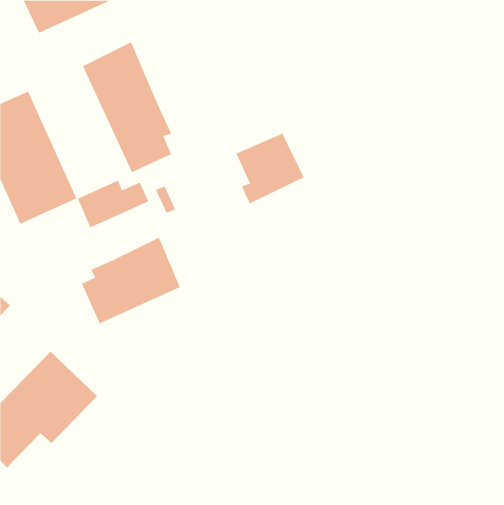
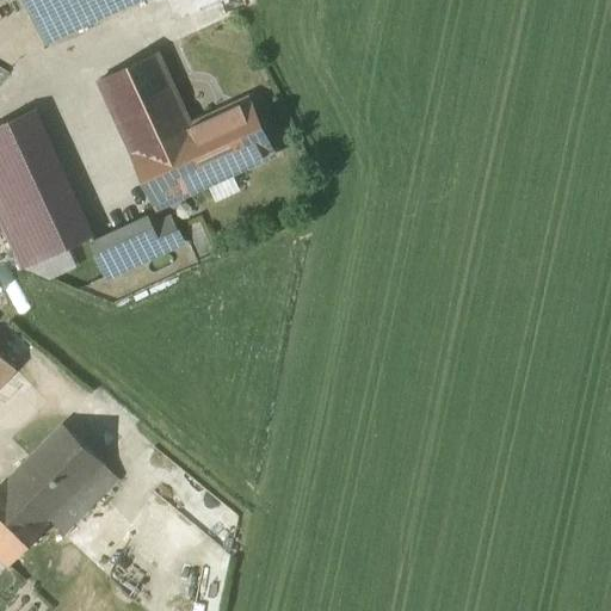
building: [235,133,305,204] -> [191,100,274,186]
building: [81,237,181,324] -> none

